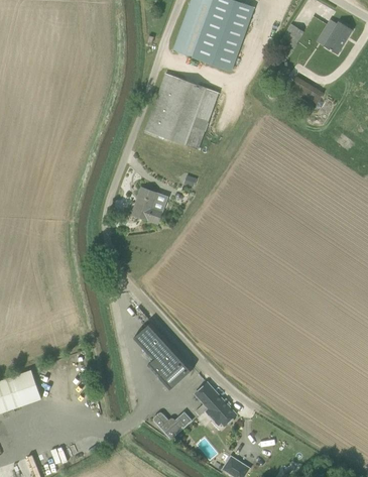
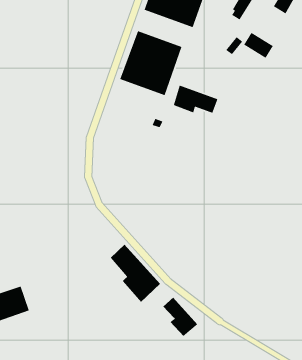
building: none -> [173,85,218,114]
building: [131,188,161,224] -> none
building: [152,411,193,441] -> none

